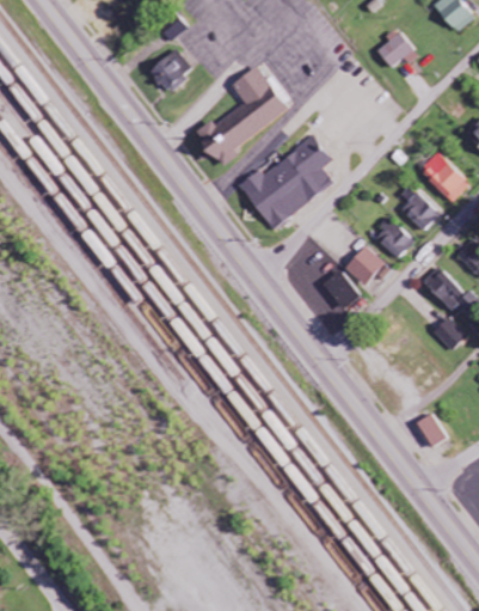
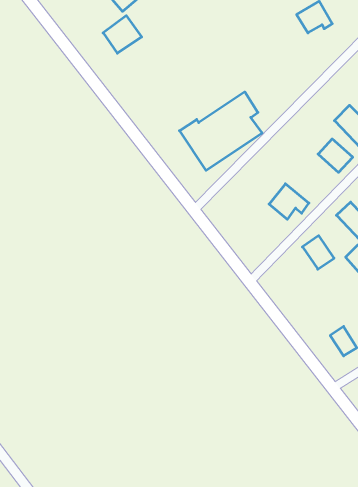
building: [194,66,287,167] -> none
building: [379,214,414,258] -> none
building: [323,269,360,308] -> [302,236,334,269]

